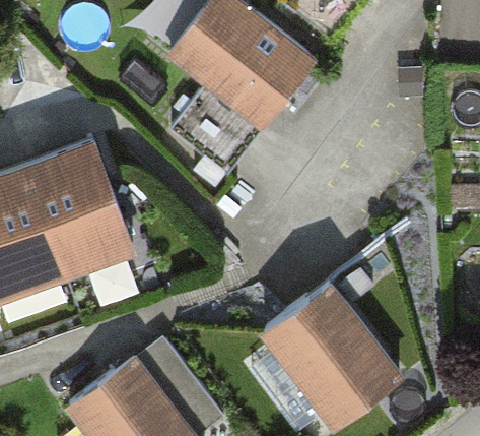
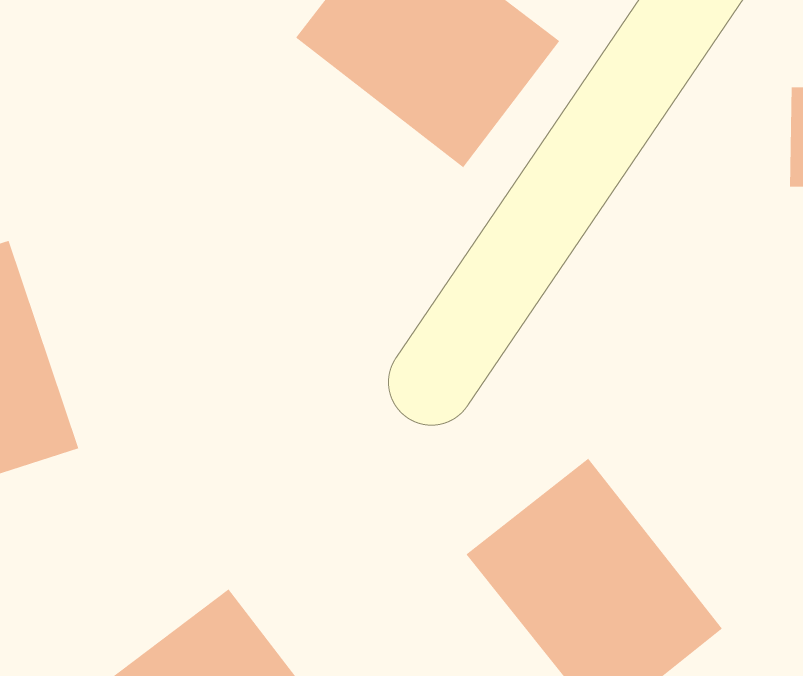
building: [19,145,125,281] -> none

